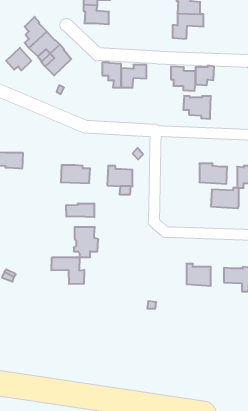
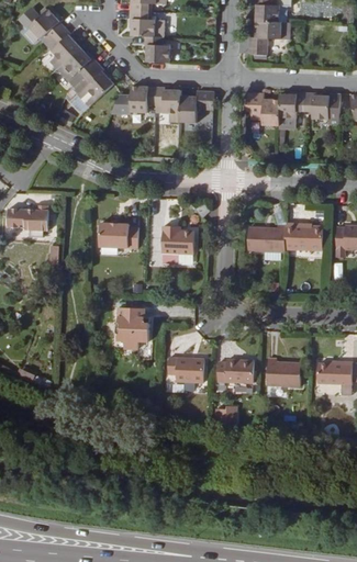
building: none -> [144,34,168,60]
building: [6,48,31,70] -> [29,8,63,38]
building: none -> [129,86,154,111]
building: [183,96,211,119] -> [303,92,341,123]
building: [211,188,239,208] -> [247,224,285,251]
building: [66,203,94,217] -> none
building: [51,257,84,284] -> none
building: none -> [166,357,203,382]
building: none -> [216,359,254,383]

